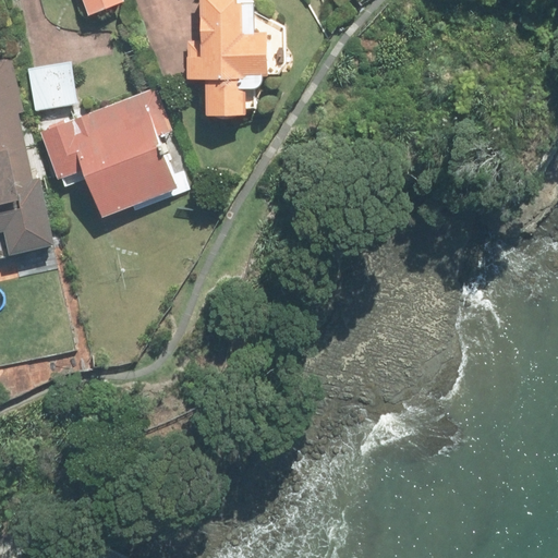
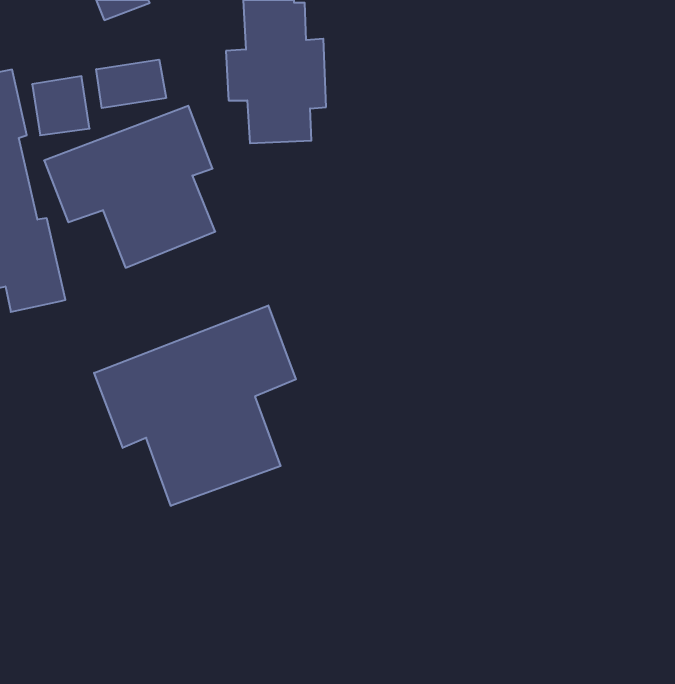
building: none -> [96,60,166,108]
building: none -> [94,305,296,506]

